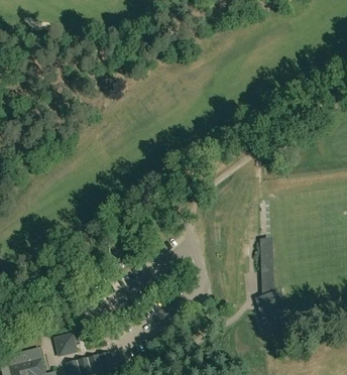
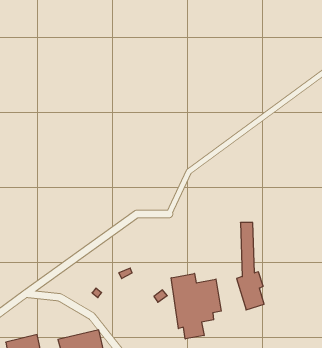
building: none -> [171,273,221,339]
building: [53,331,78,355] -> none

